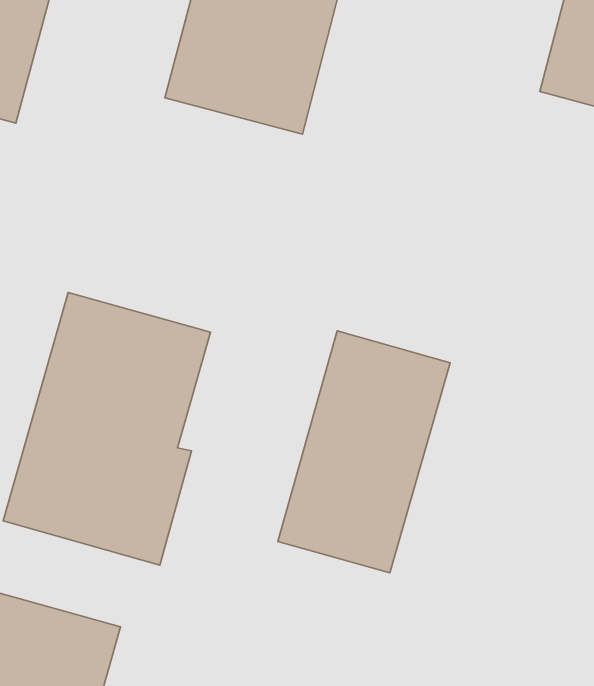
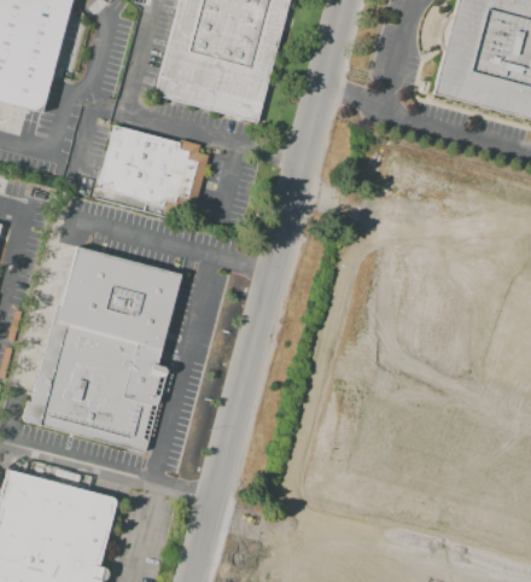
building: none -> [87,120,208,223]
building: [278,331,450,573] -> none

